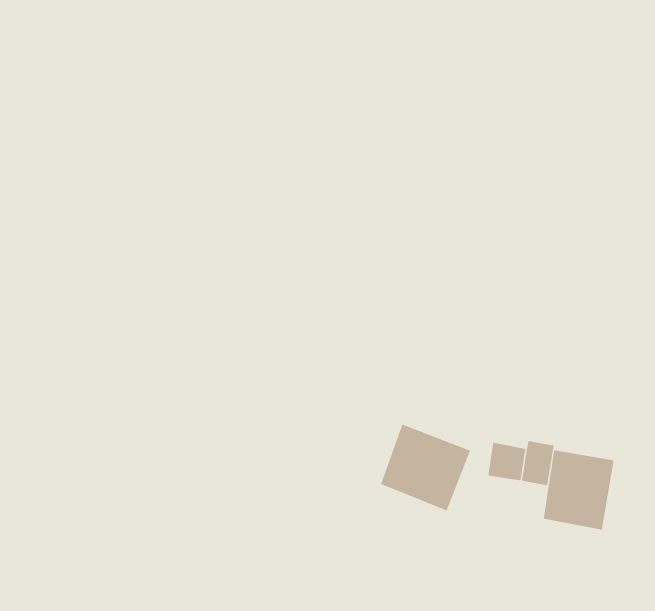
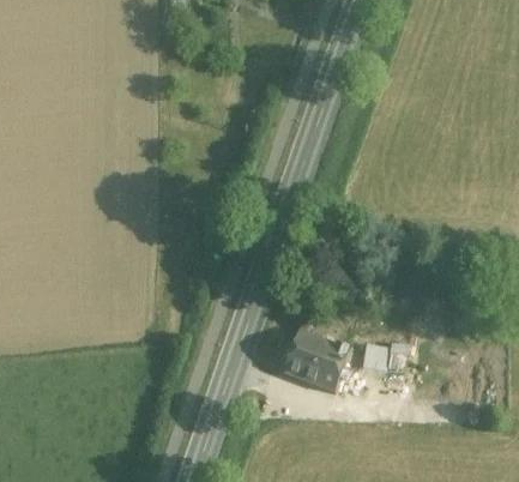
building: [543,450,614,530] -> none

